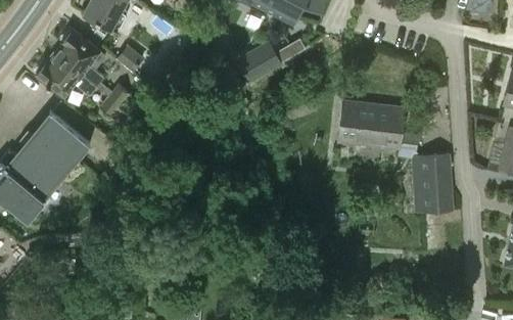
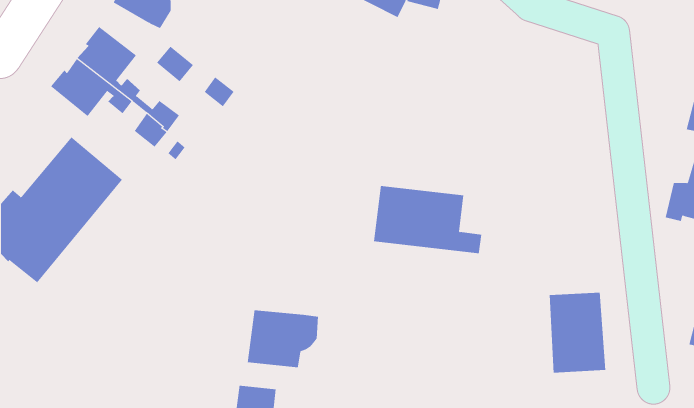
building: [241,47,295,79] -> none
building: [338,101,418,151] -> [373,186,482,254]
building: [412,154,454,214] -> [549,292,606,373]
building: none -> [247,310,319,368]

